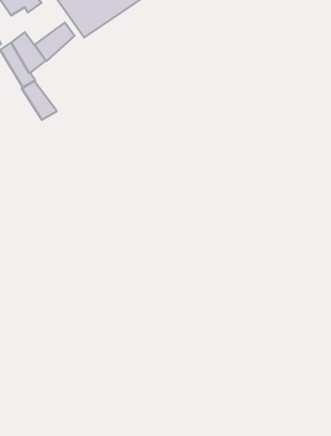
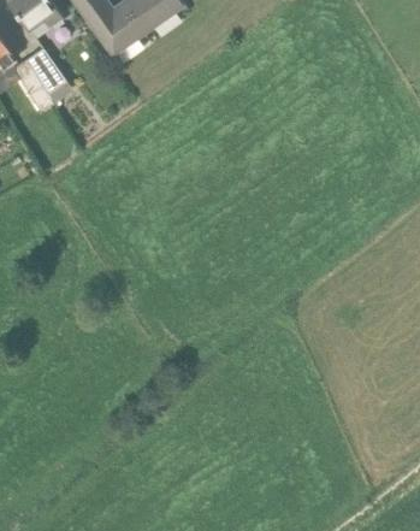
building: [35,22,74,61] -> none
building: [22,81,57,120] -> none

